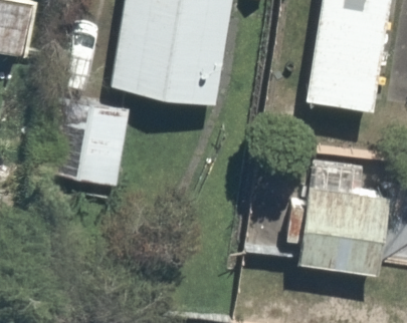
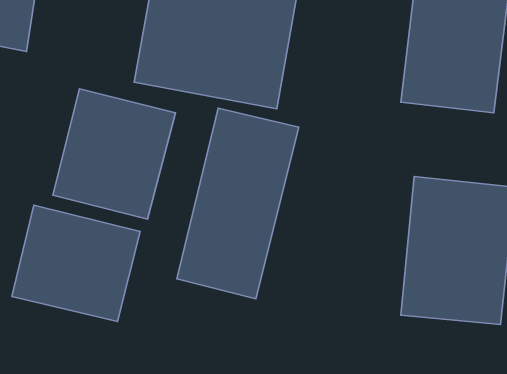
building: none -> [177,108,299,299]
building: none -> [12,205,140,321]

